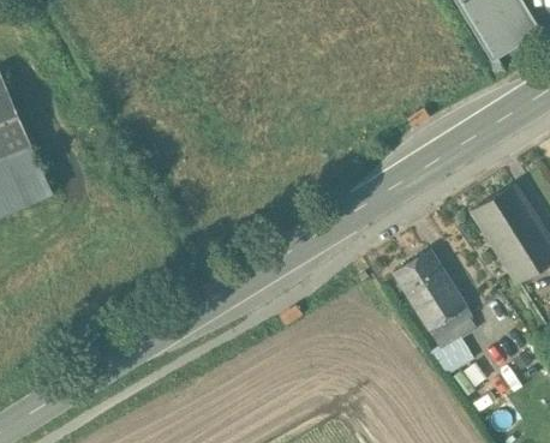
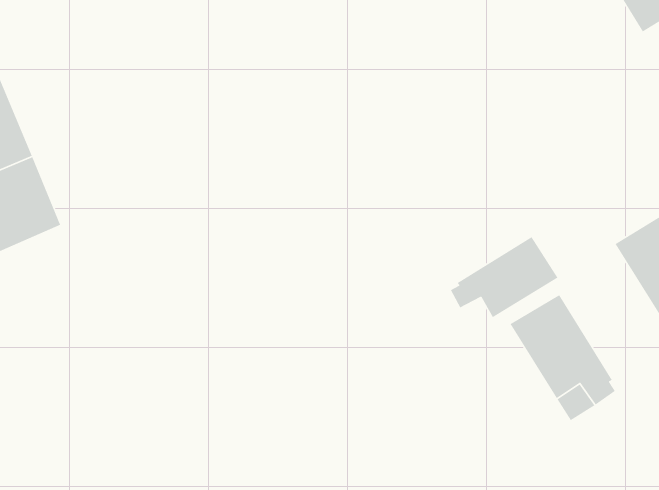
building: none -> [450,236,559,318]
building: [429,334,472,372] -> none

